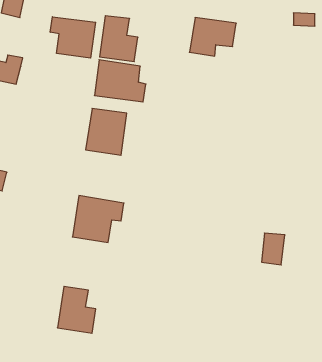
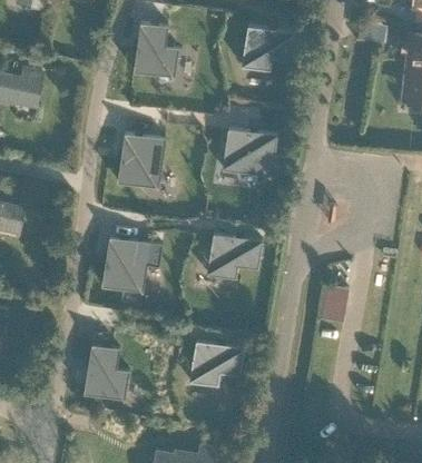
building: [50,17,96,58] -> none
building: [94,60,146,102] -> [223,127,284,177]
building: none -> [207,233,263,278]
building: none -> [189,339,245,386]

